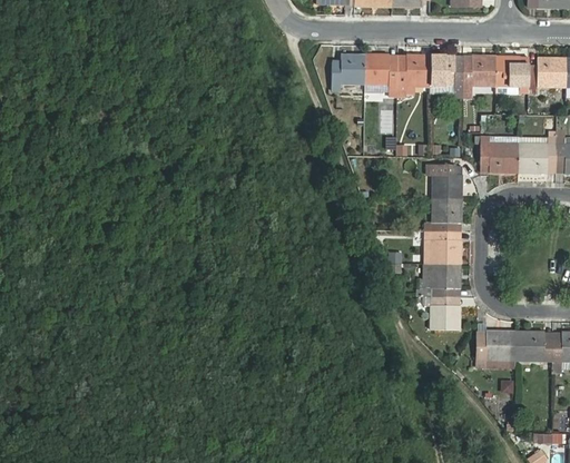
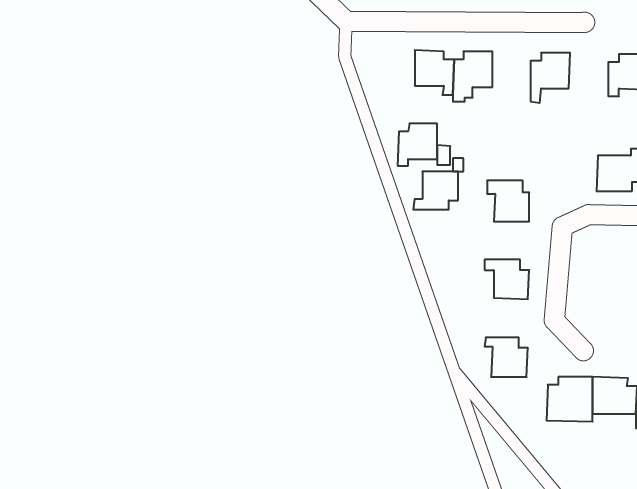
building: [332,53,365,89] -> [398,124,437,166]
building: [431,55,463,97] -> none
building: [495,56,529,92] -> none
building: [481,136,520,173] -> none
building: [424,198,462,230] -> [413,171,458,210]
building: [419,263,461,296] -> none

